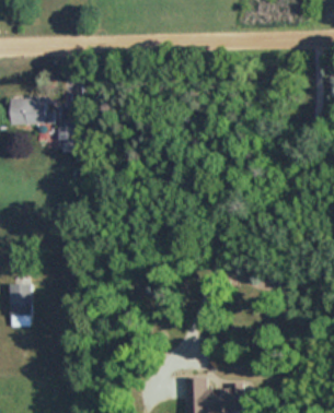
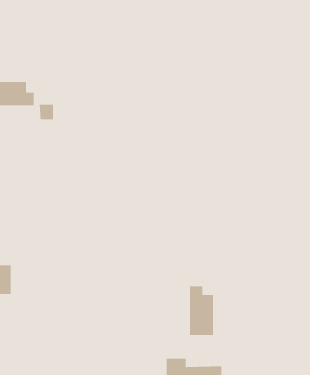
building: none -> [189,285,214,336]

